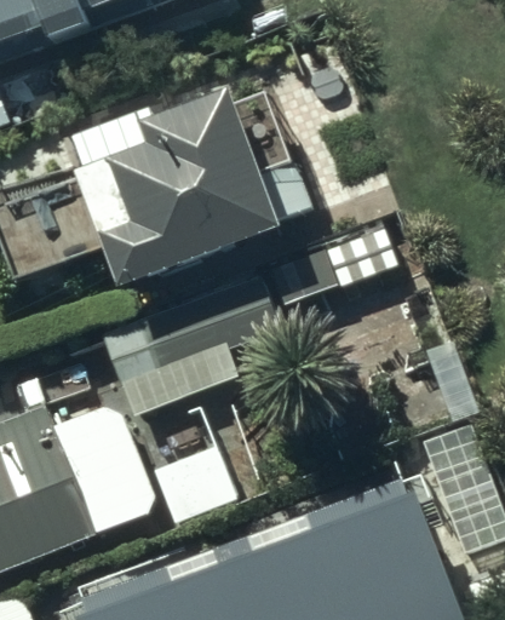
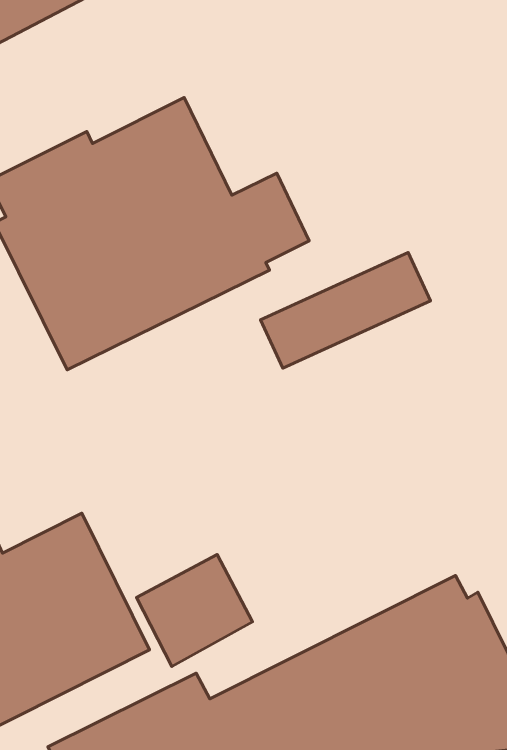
building: [102,274,292,417] -> none

